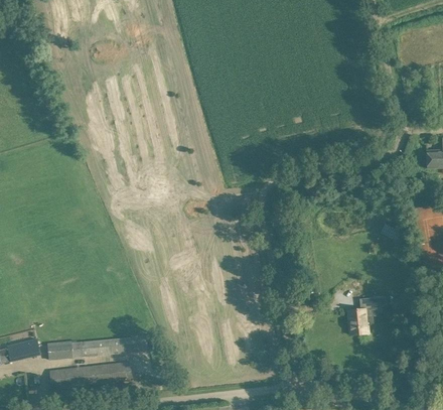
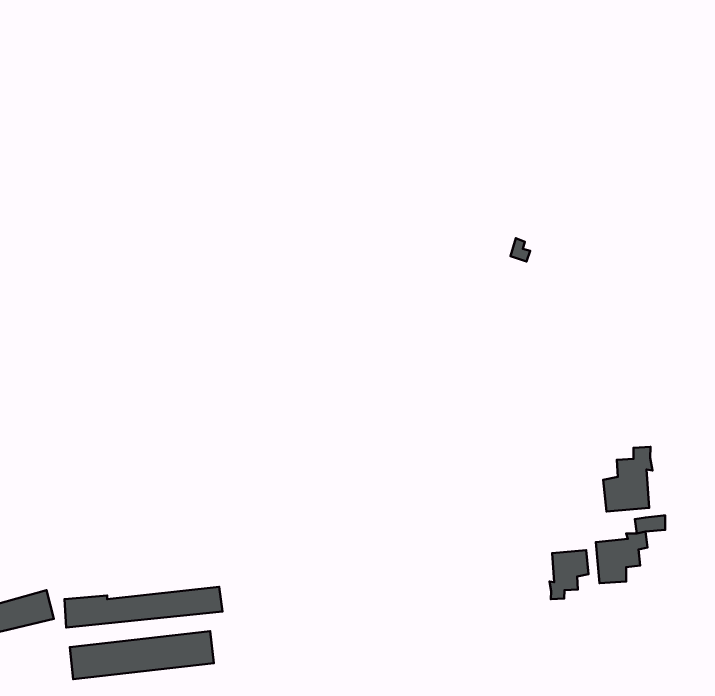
building: none -> [603,447,652,512]
building: none -> [550,550,589,599]

